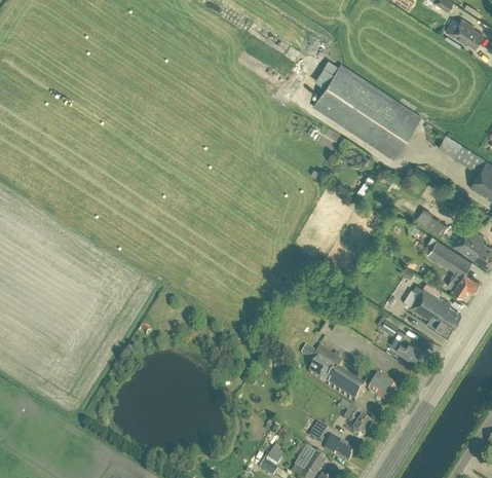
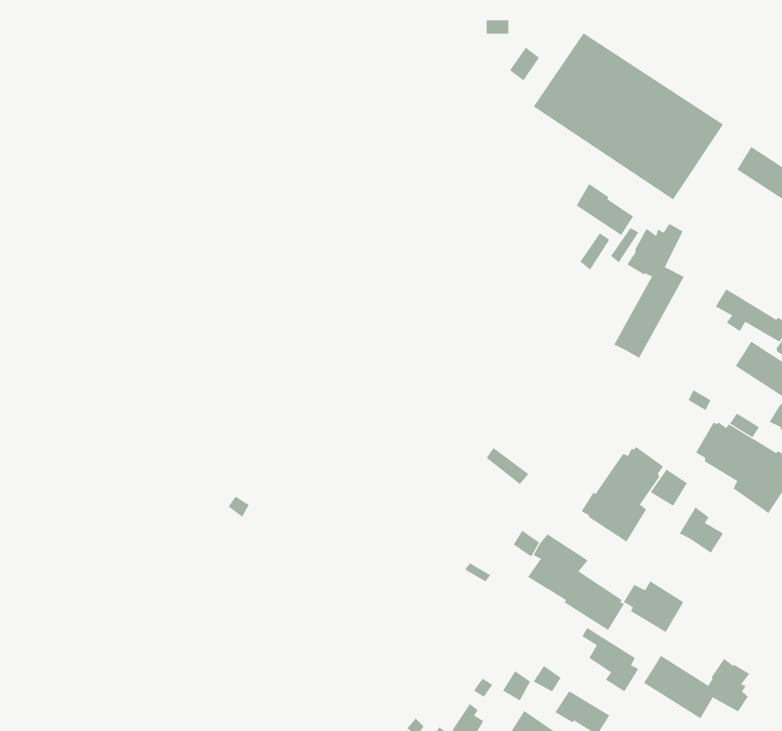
building: none -> [576,183,634,236]
building: none -> [614,223,685,359]
building: none -> [581,446,664,543]
building: none -> [643,655,750,719]

